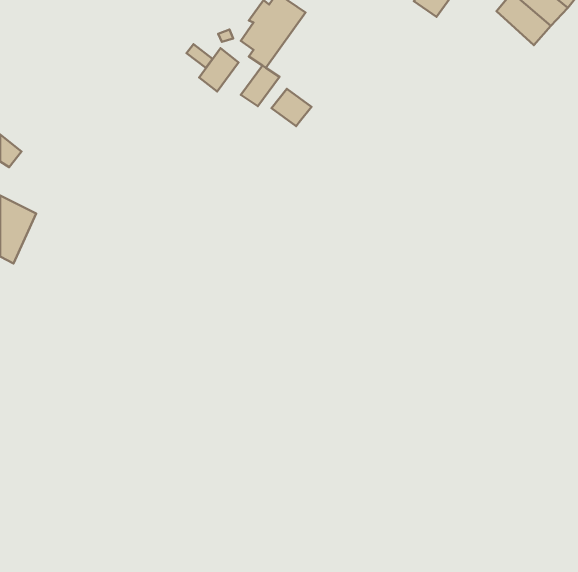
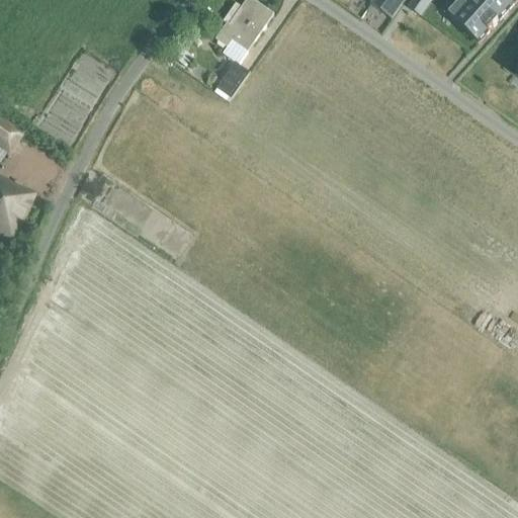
building: [199,48,238,92] -> none
building: [272,89,311,126] -> none

